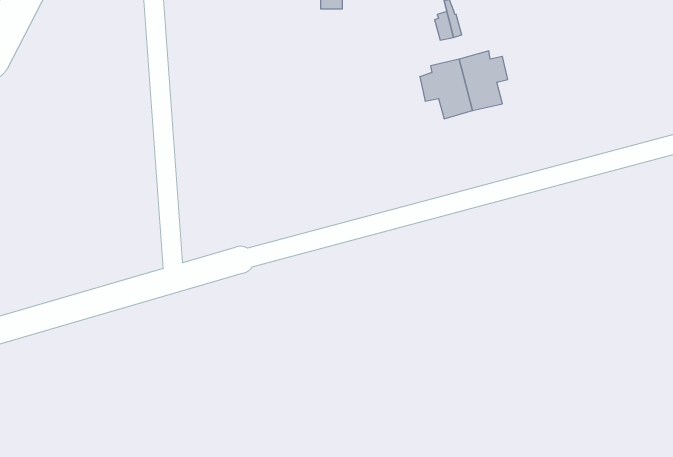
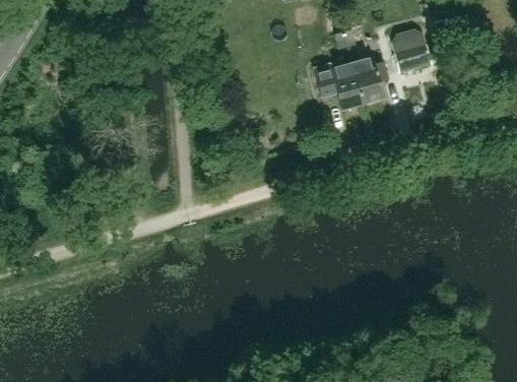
building: none -> [390,28,431,72]

